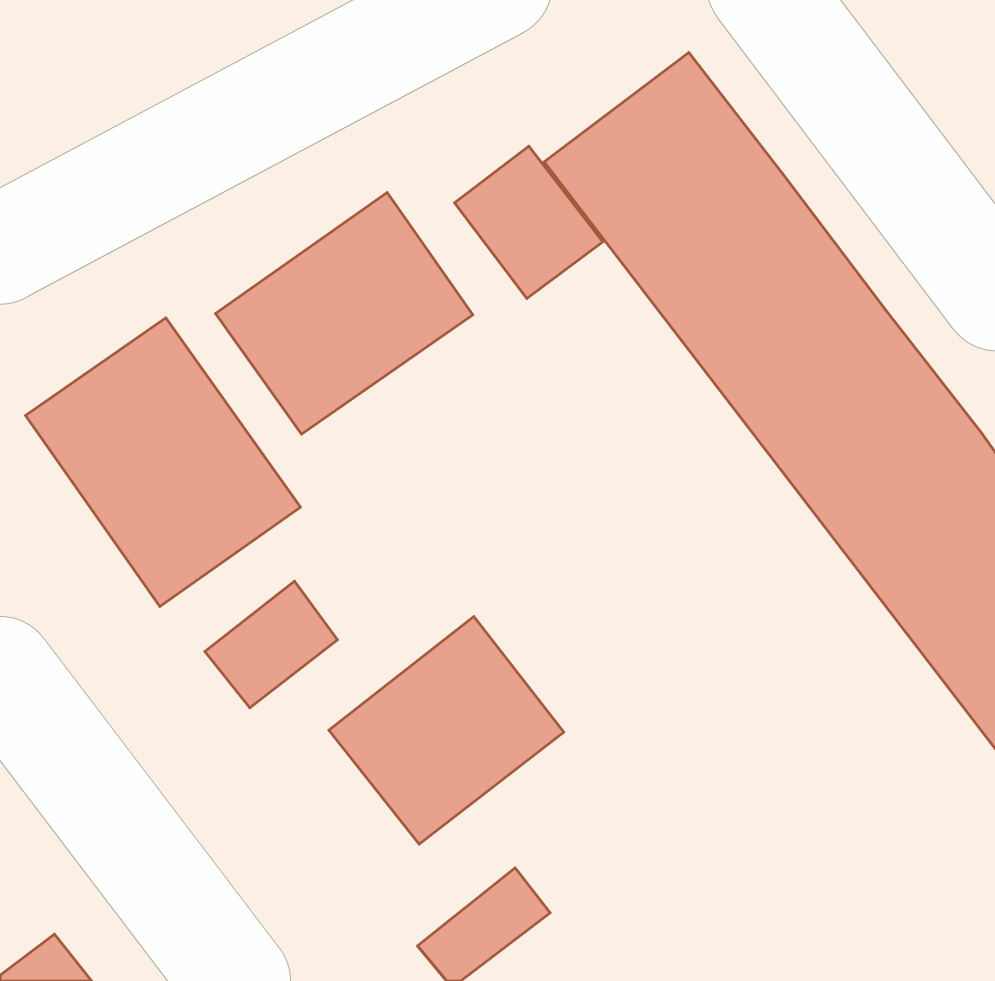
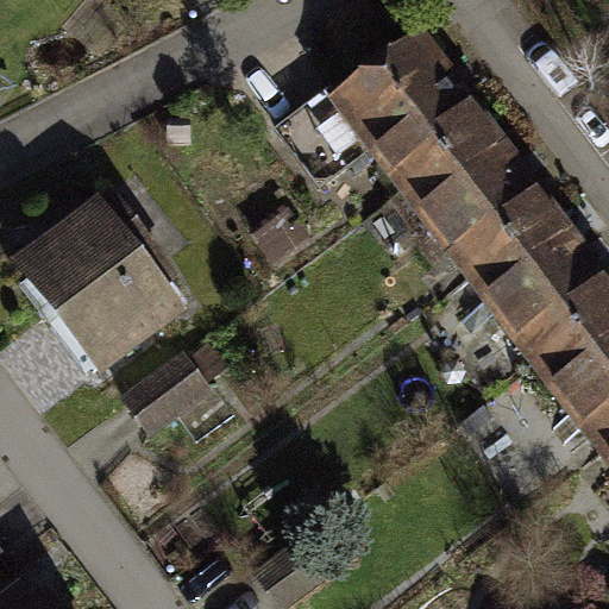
building: [215,193,473,434] -> none
building: [329,617,564,844] -> none

